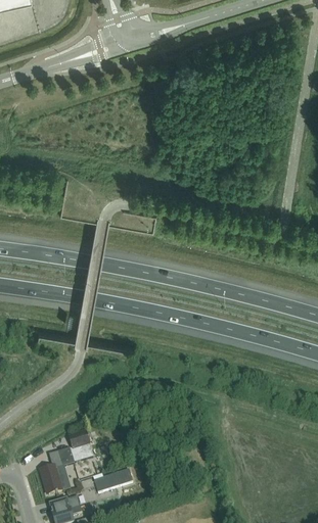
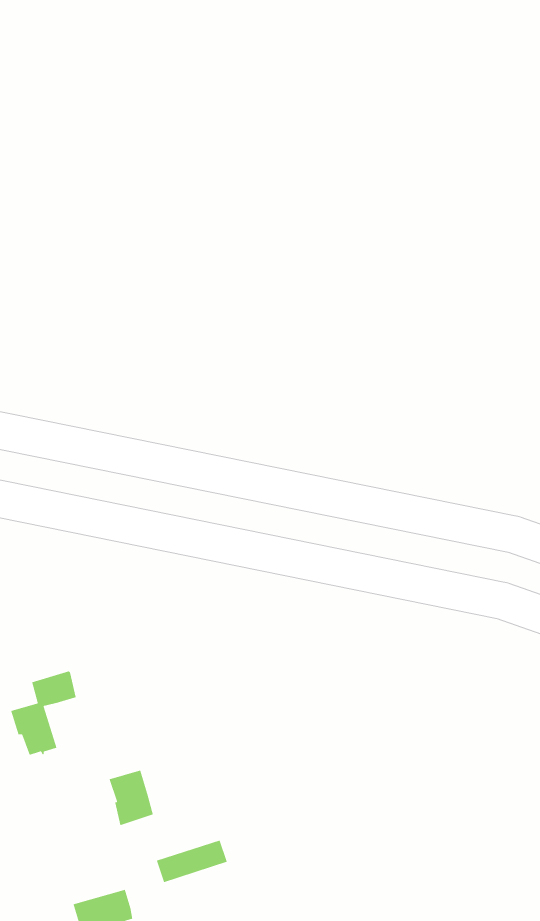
building: [39,447,76,493] -> [10,671,78,756]

